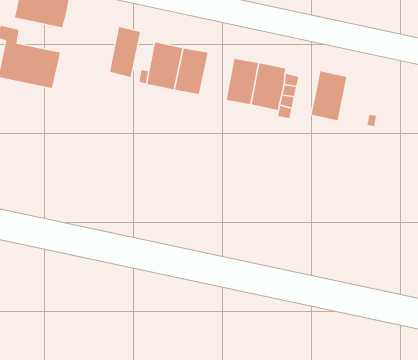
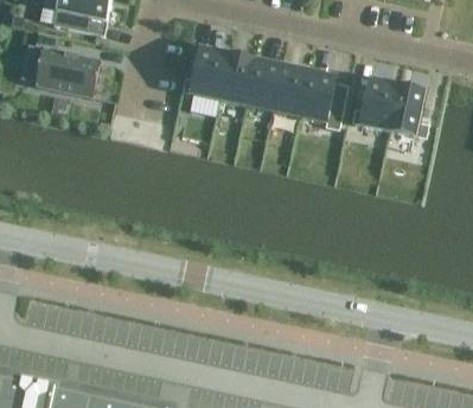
building: [109,26,141,78] -> none
building: none -> [243,59,279,109]
building: none -> [386,84,423,136]

